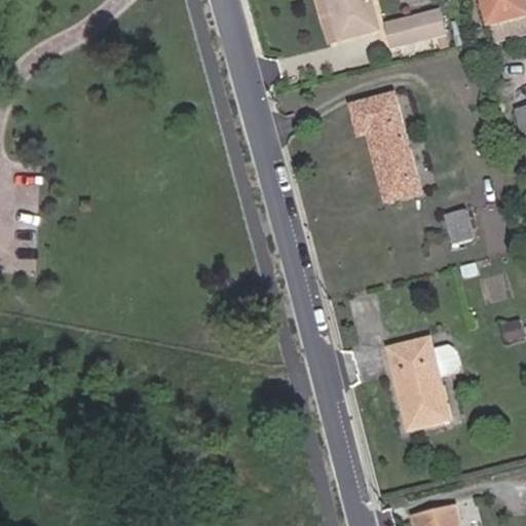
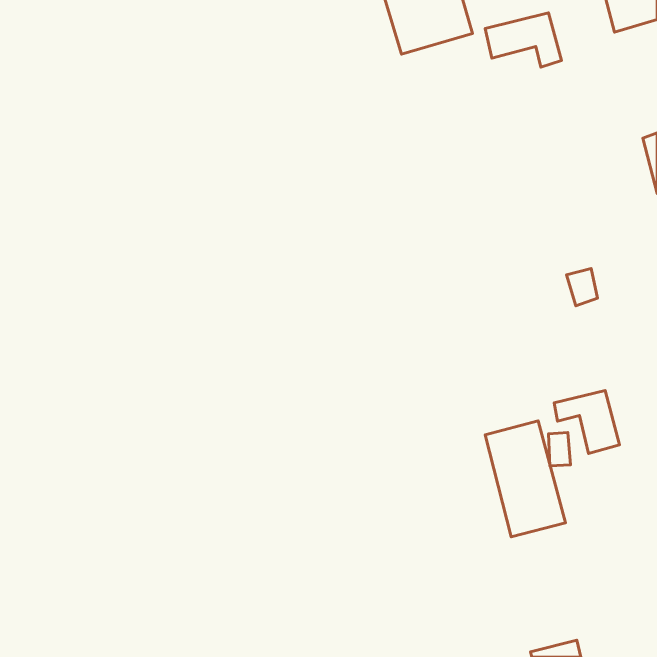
building: [348,88,417,197] -> none
building: none -> [554,390,620,454]

